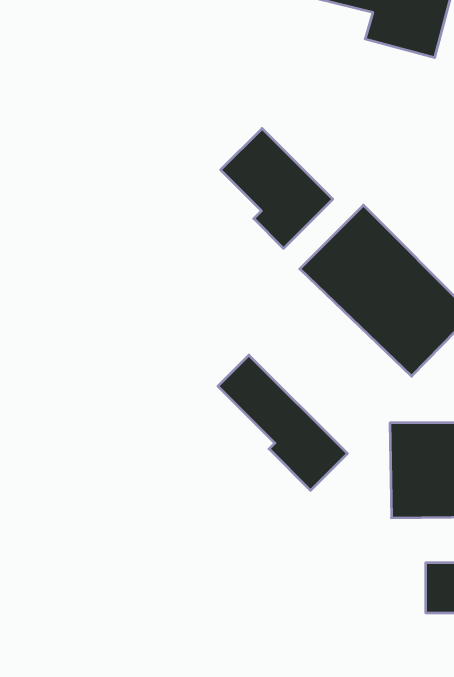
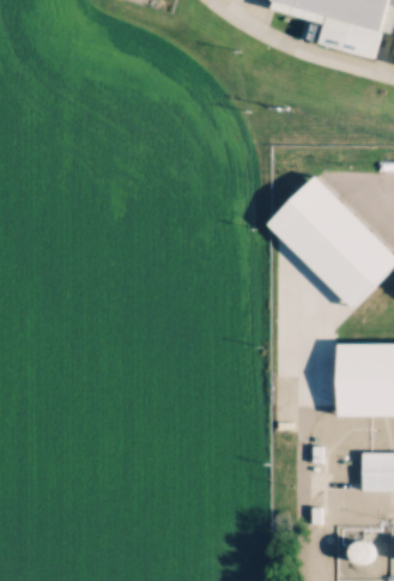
building: [221,128,333,248] -> none
building: [218,355,347,490] -> none

